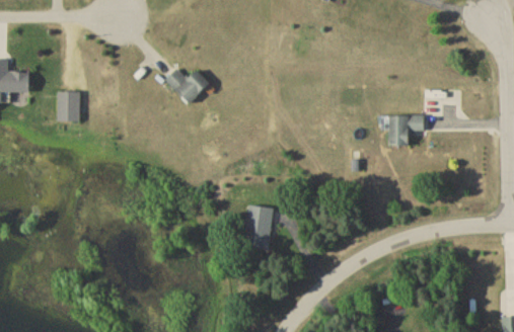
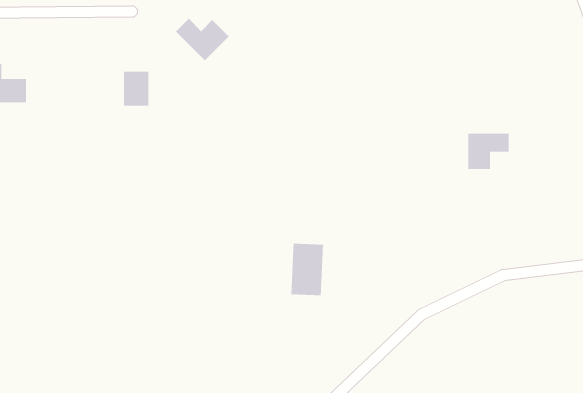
building: [165,68,210,103] -> [175,18,230,61]
building: [57,91,78,120] -> [123,71,149,107]

